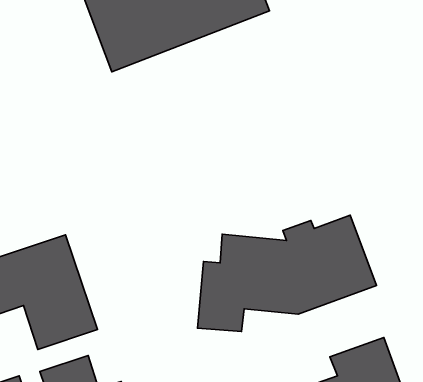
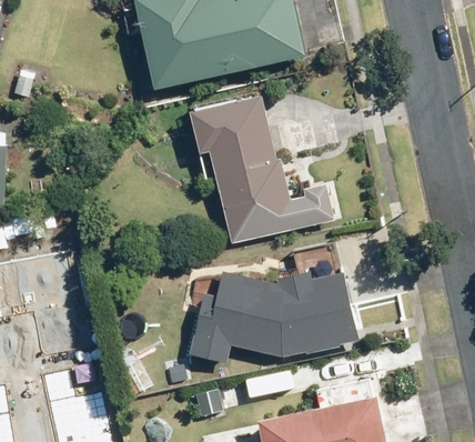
building: none -> [185,93,336,245]

